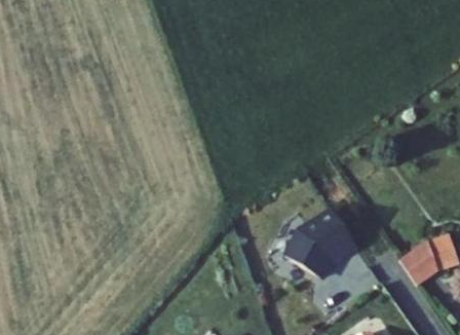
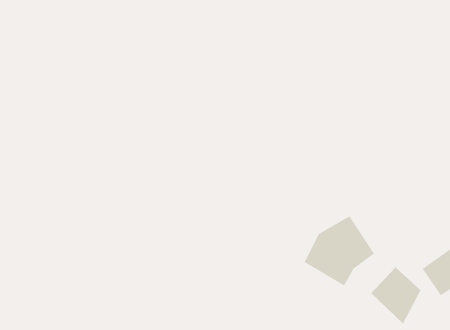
building: none -> [371,266,421,325]

